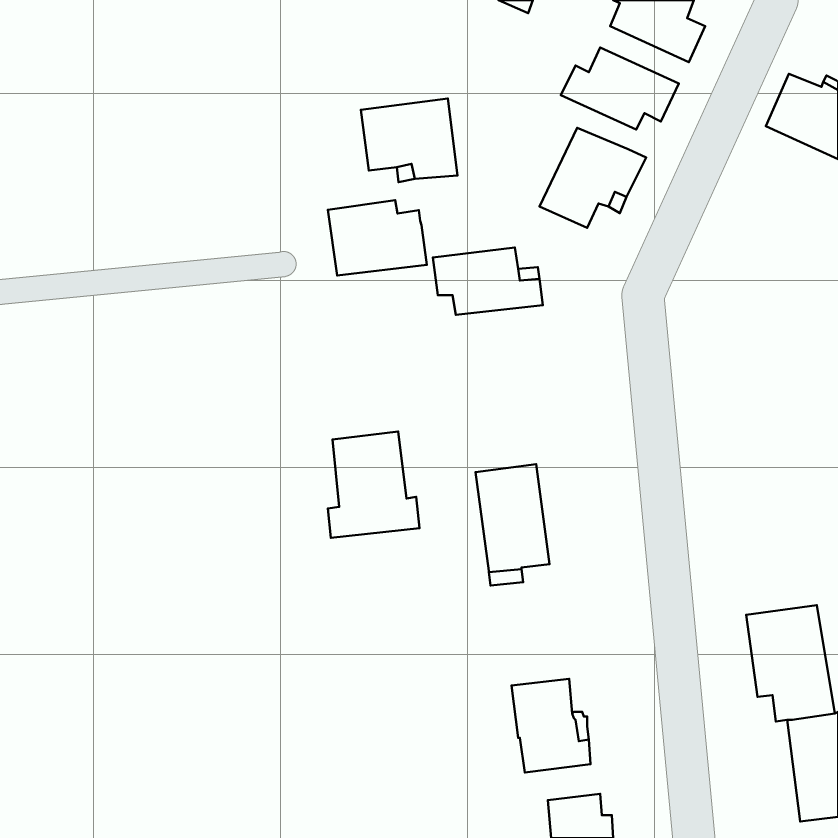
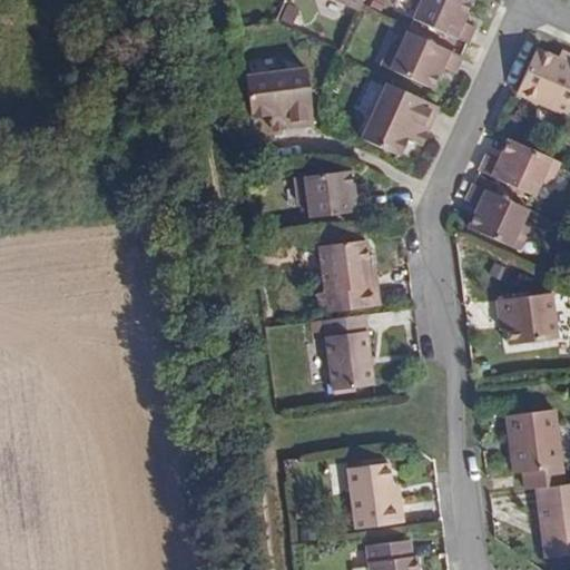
building: [328,200,427,275] -> none
building: none -> [480,139,560,195]
building: none -> [461,185,530,252]
building: none -> [497,283,556,341]
building: [328,431,420,538] -> [317,239,380,312]

